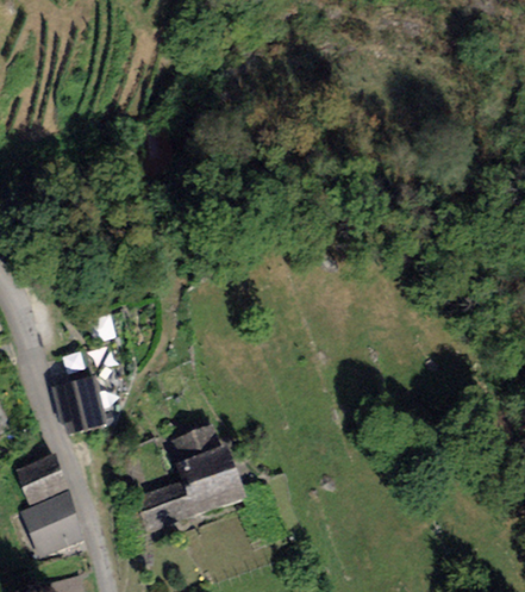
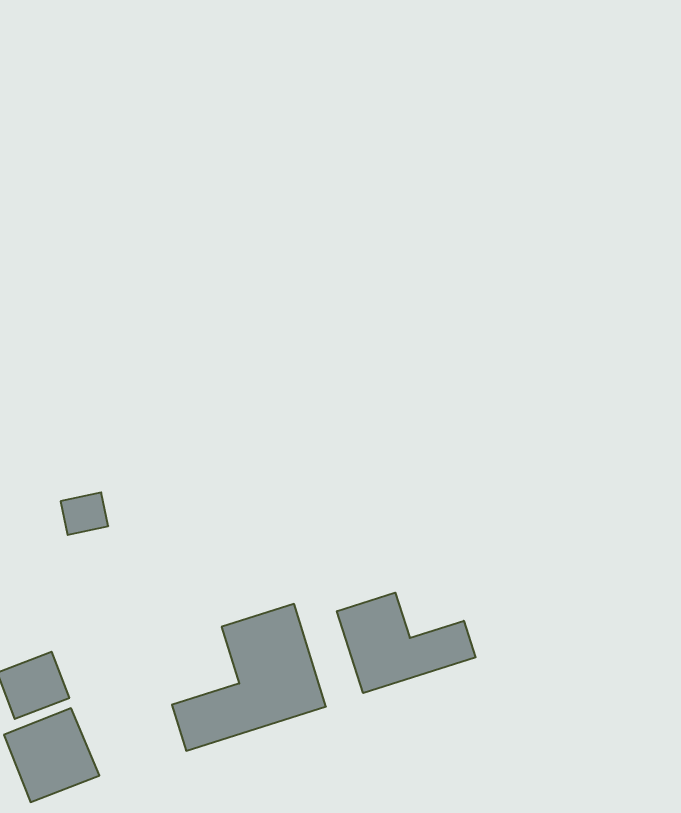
building: [56,378,110,434] -> none
building: none -> [337,593,476,693]

